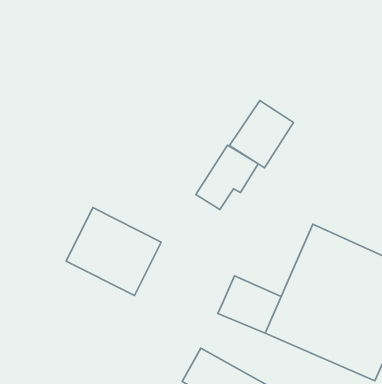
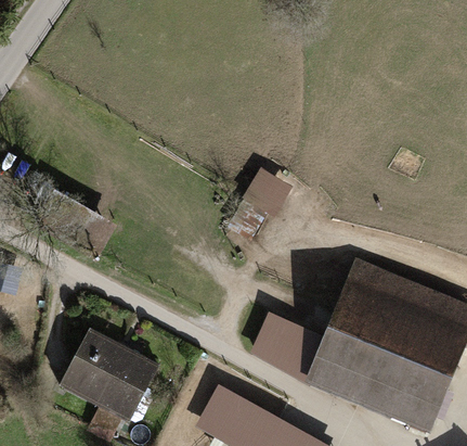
building: [229,100,293,168] -> none
building: [66,208,161,296] -> [53,324,157,421]

